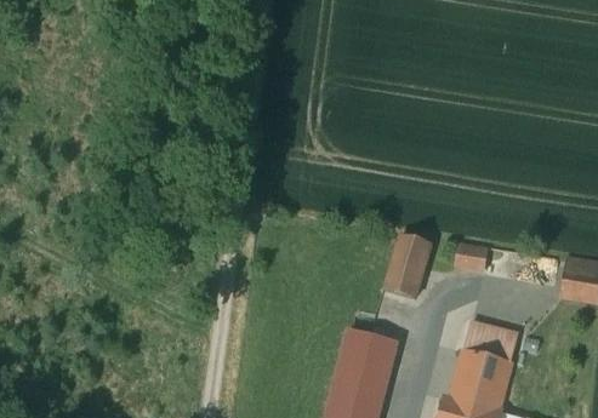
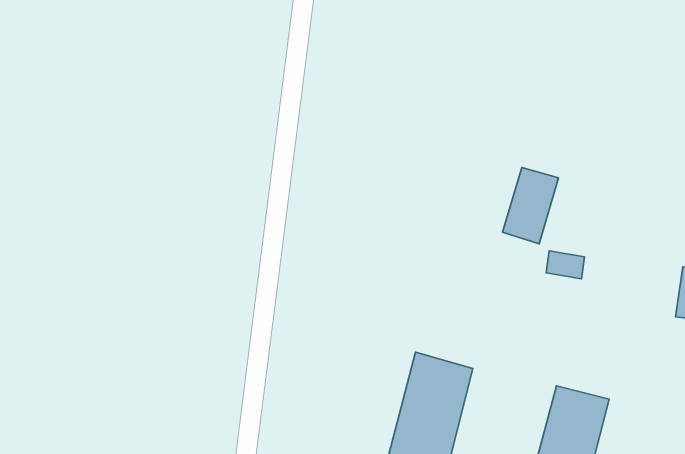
building: [385,233,431,296] -> [503,167,558,244]
building: [465,323,517,365] -> none

